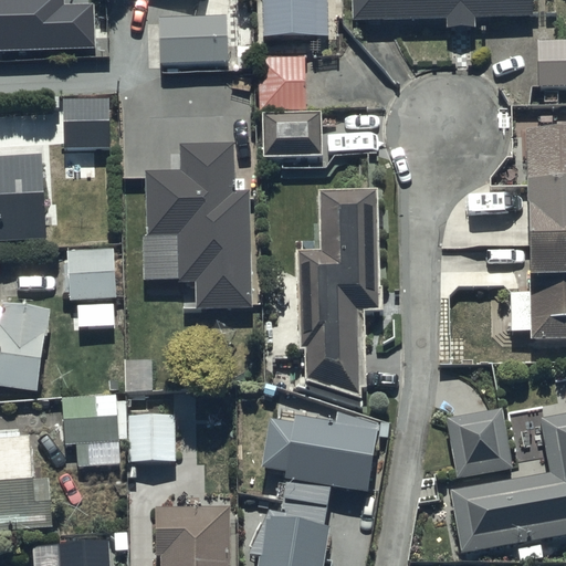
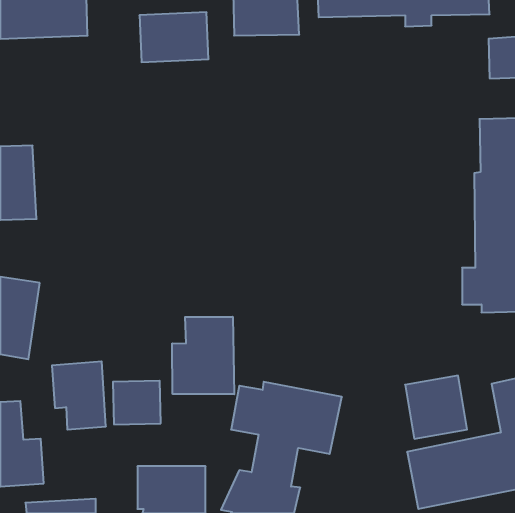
building: [258,56,310,109] -> none
building: [64,97,109,148] -> none
building: [260,114,323,158] -> none
building: [140,142,254,310] -> none
building: [295,190,376,399] -> none
building: [70,247,119,301] -> none
building: none -> [172,317,234,394]

